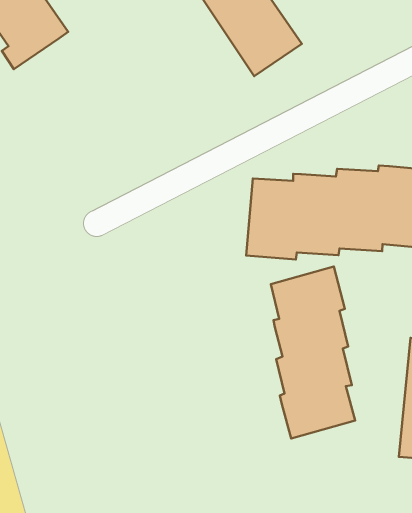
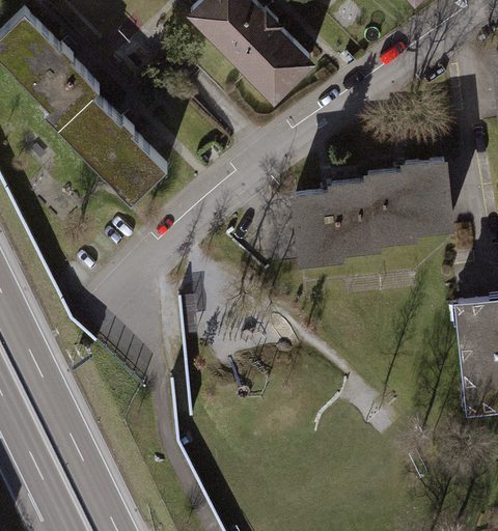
building: none -> [60,99,169,207]
building: [271,267,355,438] -> none

